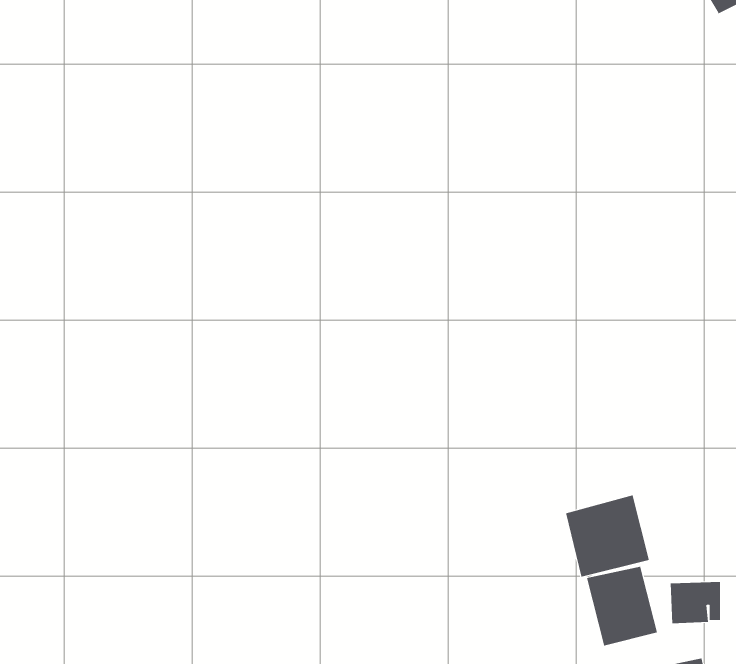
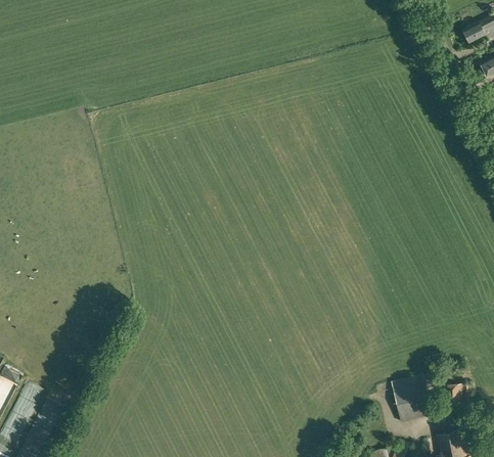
building: [566,494,649,578] -> none

